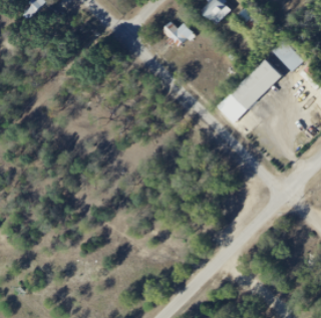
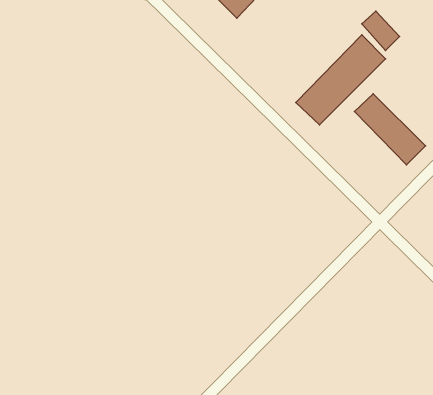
building: none -> [354,94,425,165]

